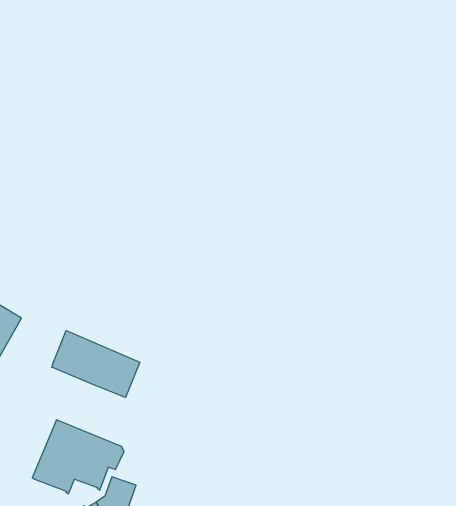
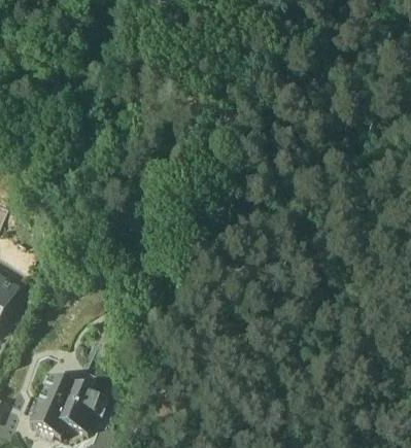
building: [52,331,140,397] -> none

